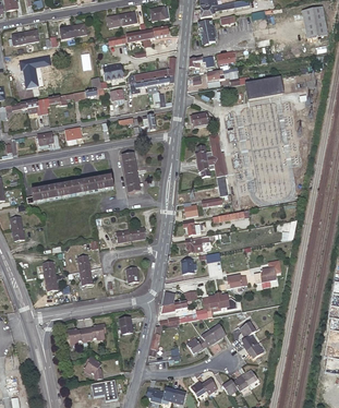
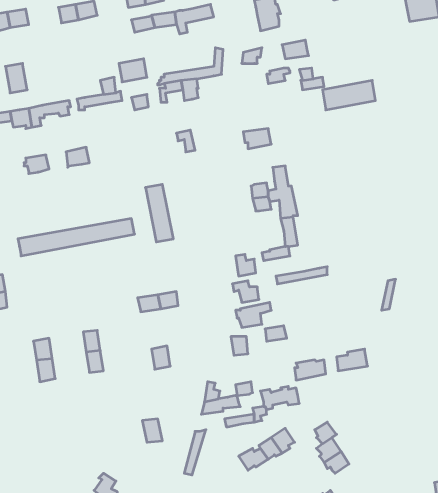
building: [66,322,106,341] -> none

